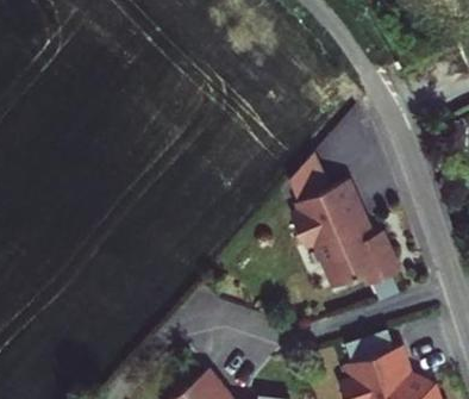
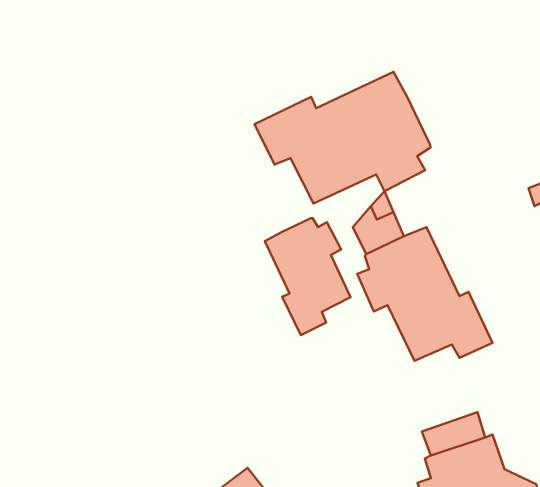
building: none -> [254,72,430,204]
building: none -> [265,218,350,335]

